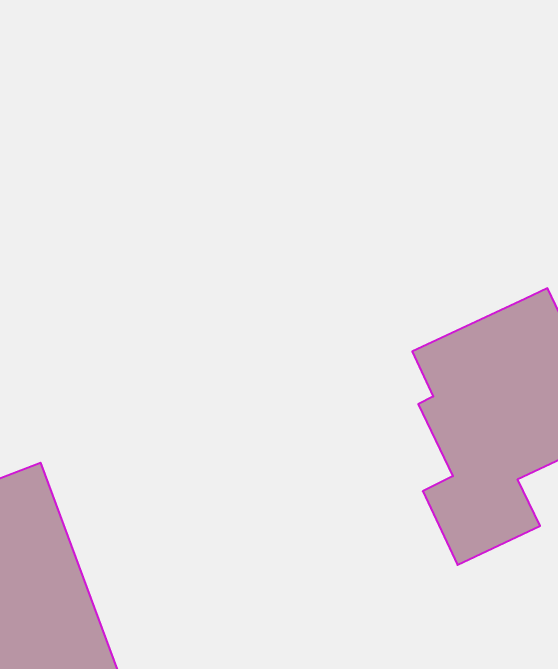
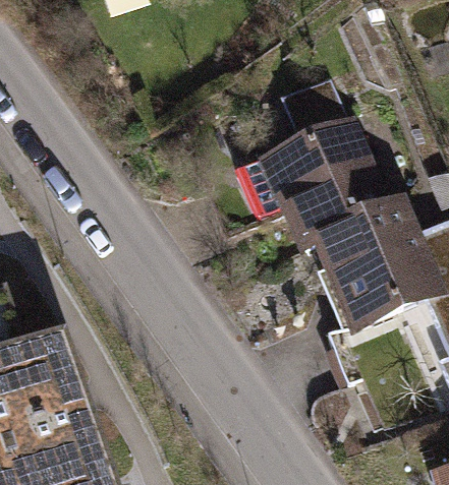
building: none -> [235,117,394,255]

